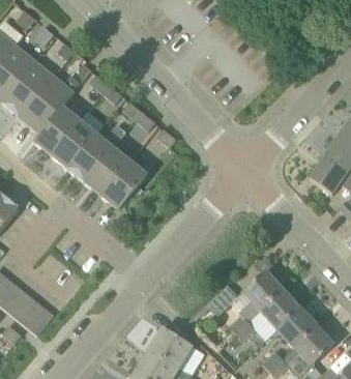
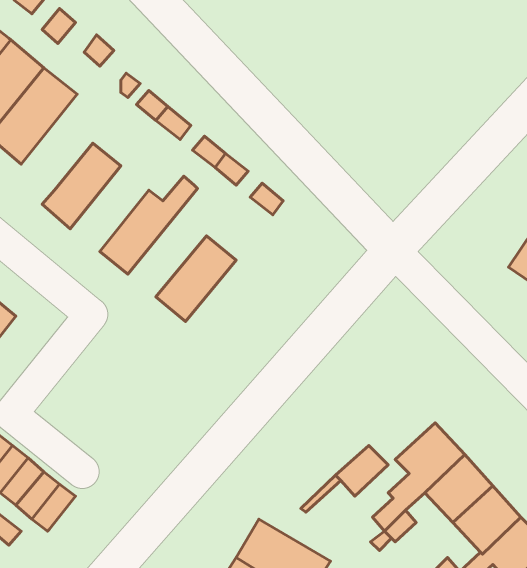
building: [21,76,74,133] -> none
building: [50,110,104,169] -> none
building: [84,138,136,196] -> none

